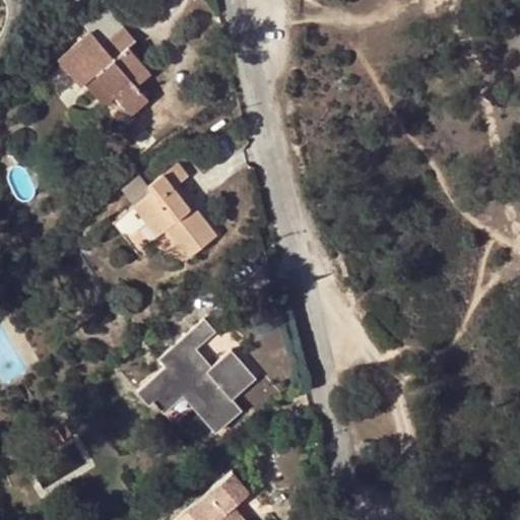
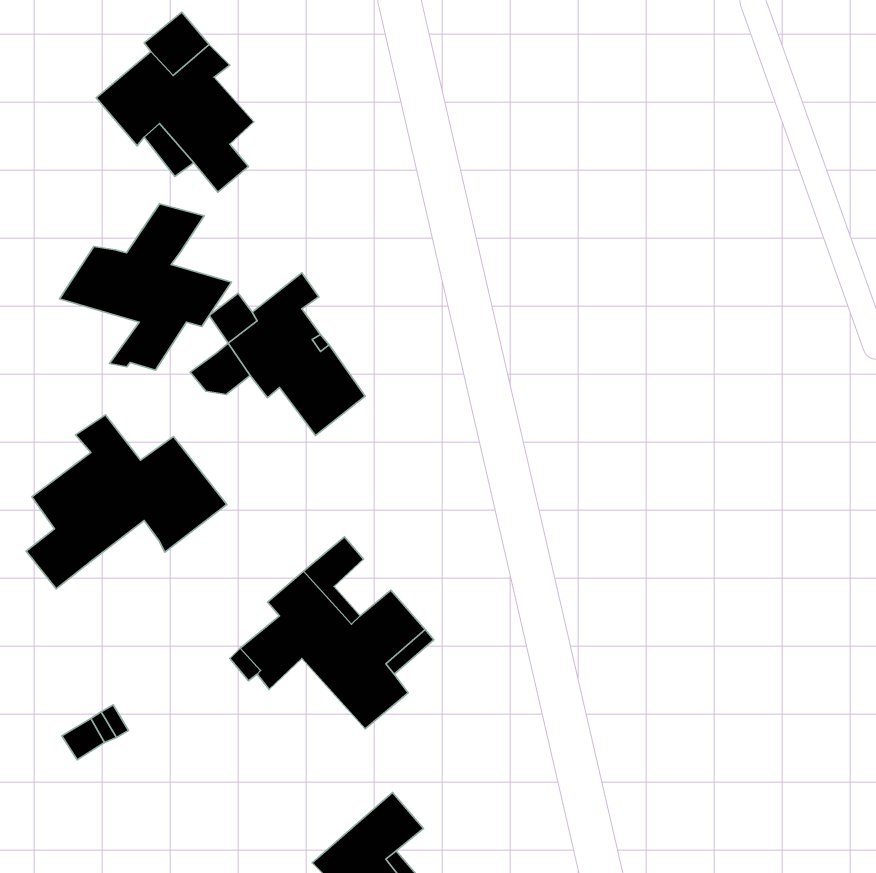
building: none -> [60,204,231,370]
building: none -> [26,415,227,589]

